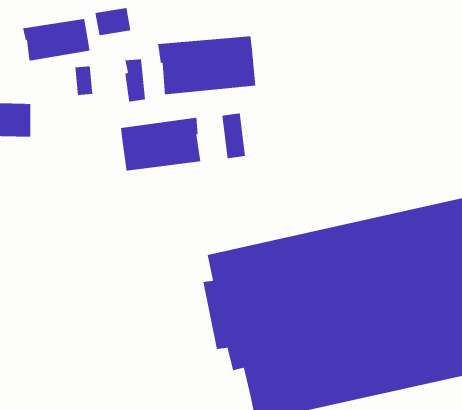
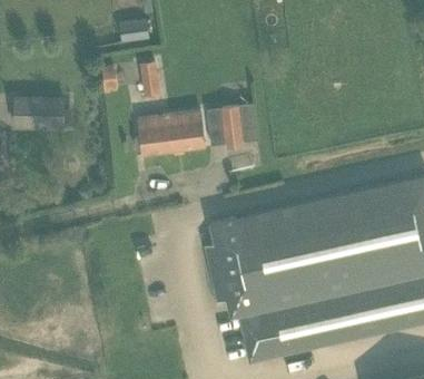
building: [22,18,90,61] -> none
building: [157,36,256,95] -> none

